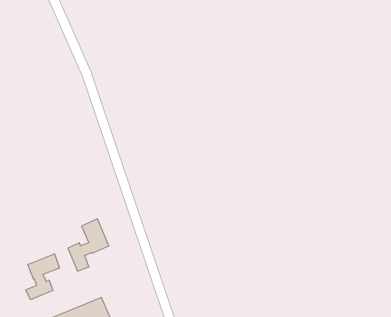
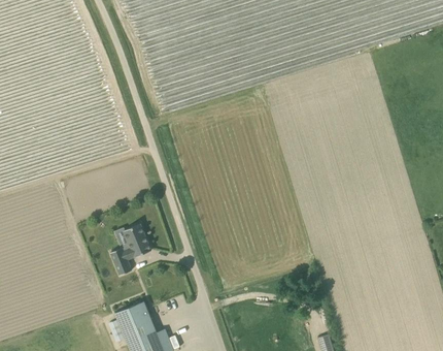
building: [26,254,59,300] -> none

